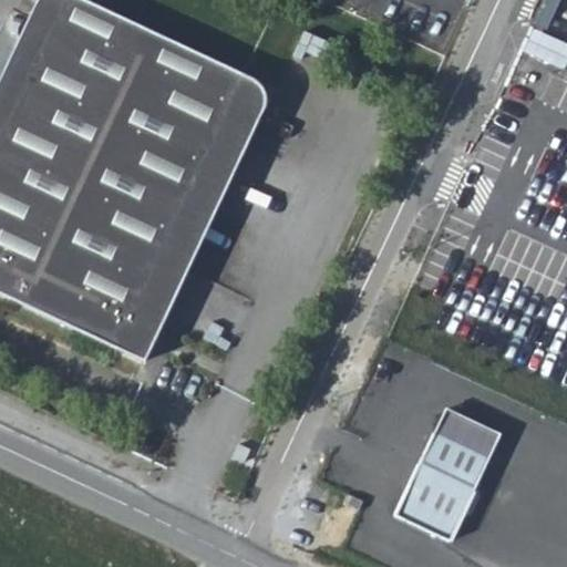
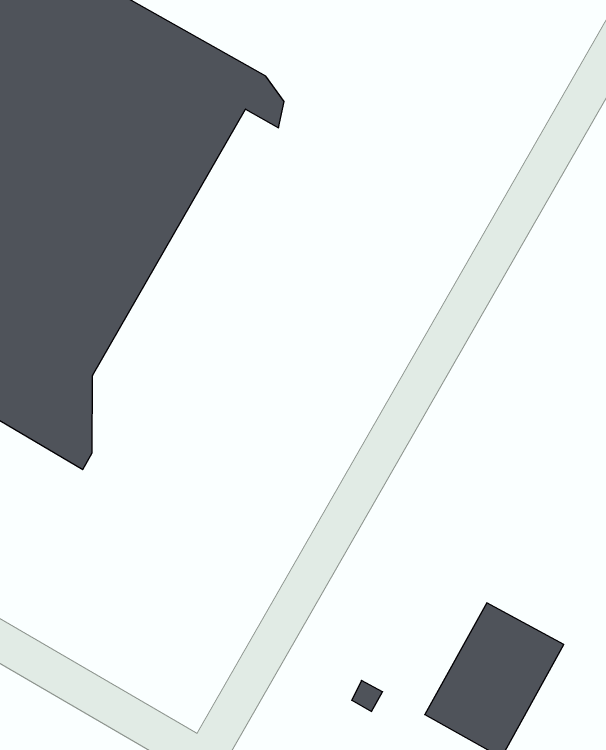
building: [144,99,259,349] -> none
building: [434,403,503,454] -> none

